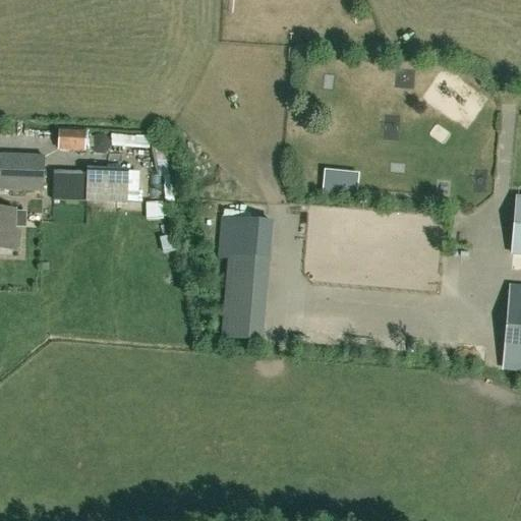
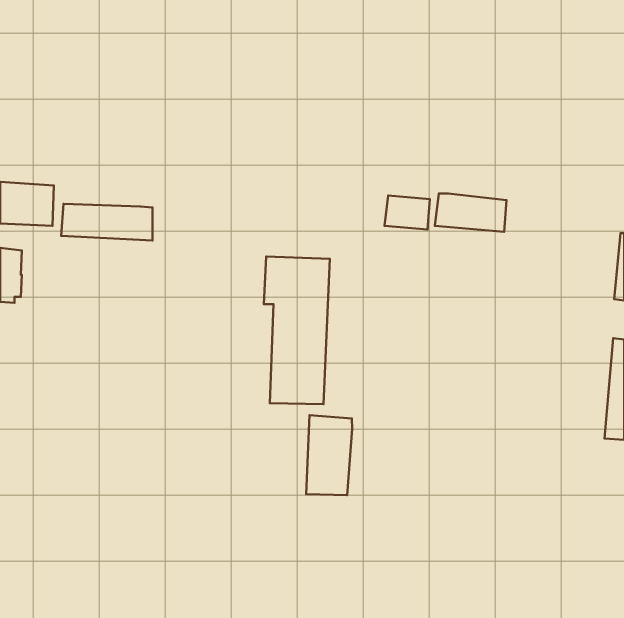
building: [58,127,85,150] -> none
building: none -> [435,193,506,232]
building: none -> [306,415,352,495]

